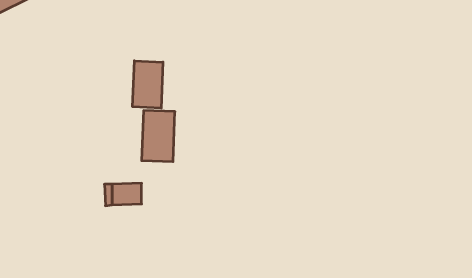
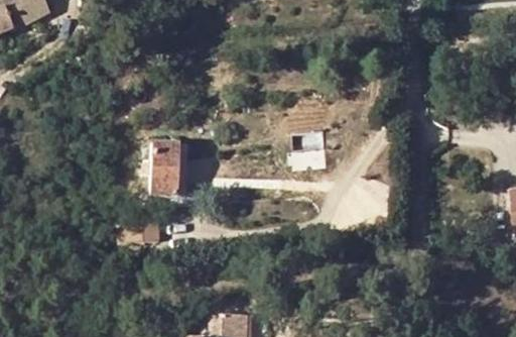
building: [133,61,163,108] -> none

